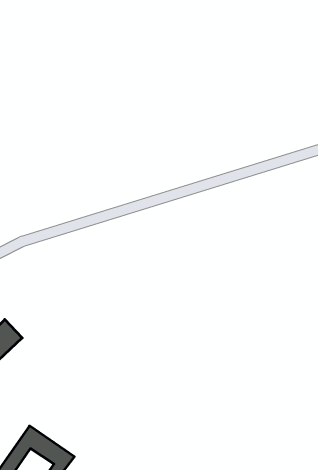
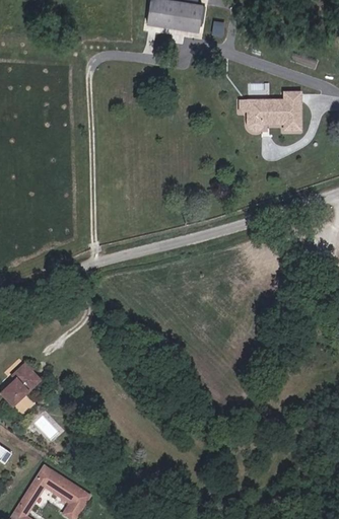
building: none -> [249,100,292,134]

